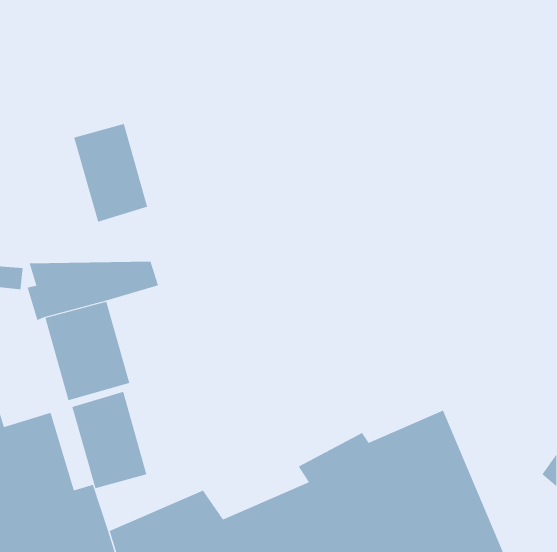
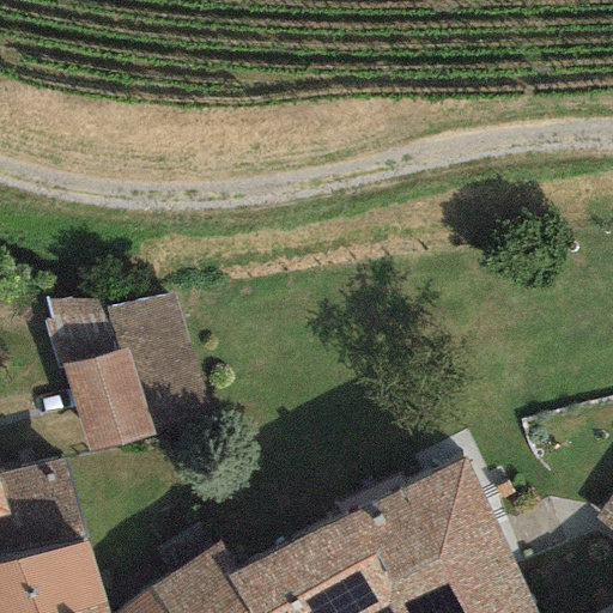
building: [74,123,148,222] -> none
building: [72,391,147,489] -> [115,324,196,430]

